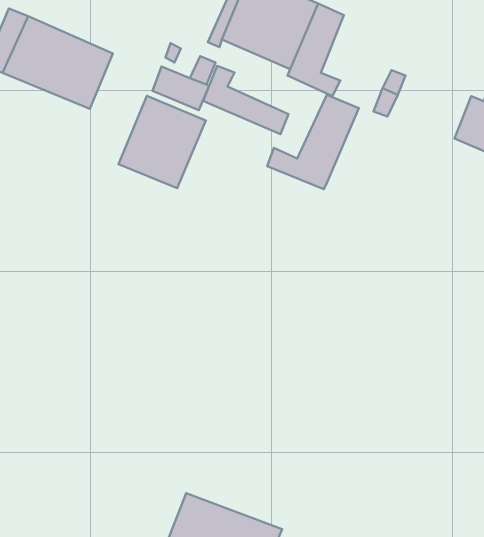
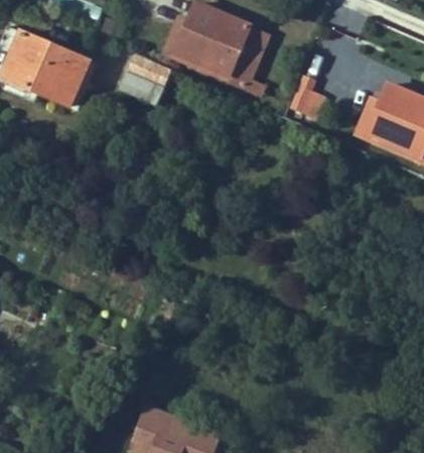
building: [203,66,288,134] -> none
building: [267,95,359,189] -> none
building: [119,96,206,188] -> none

